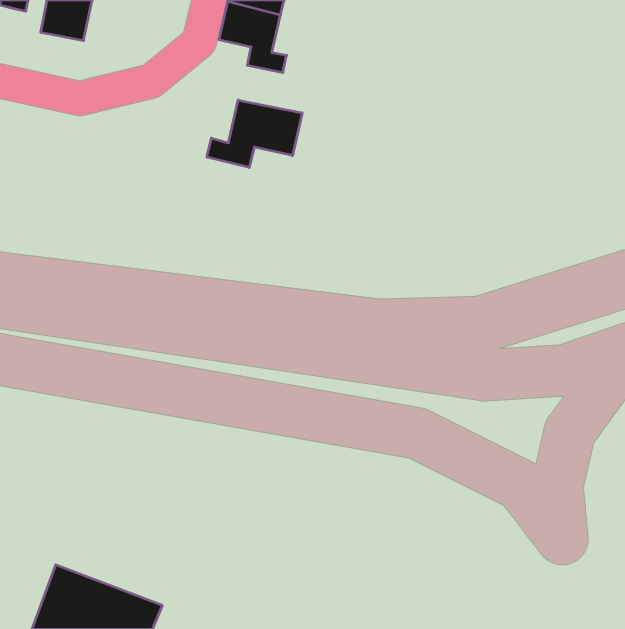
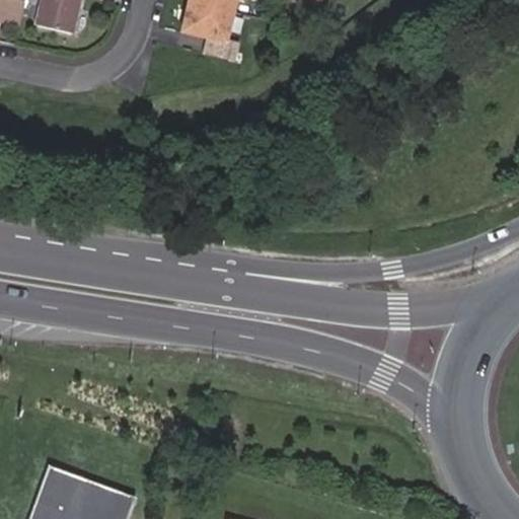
building: [207,100,302,168] -> none

